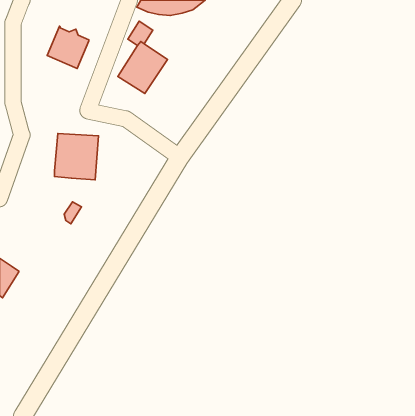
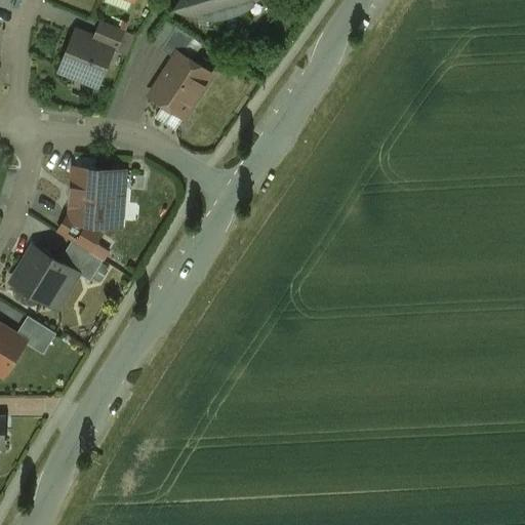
building: none -> [95,22,124,52]
building: none -> [57,215,99,252]
building: none -> [12,247,72,301]
building: none -> [14,316,55,355]

